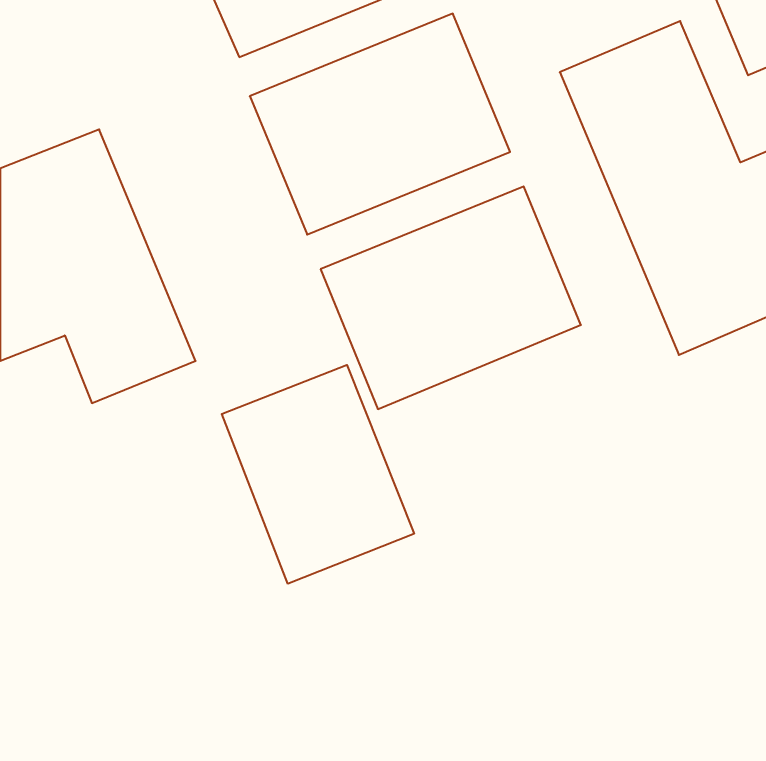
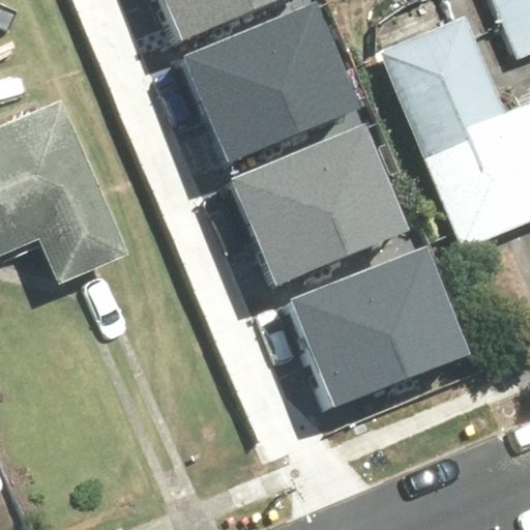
building: [222,365,414,584] -> none
building: none -> [282,265,436,407]

